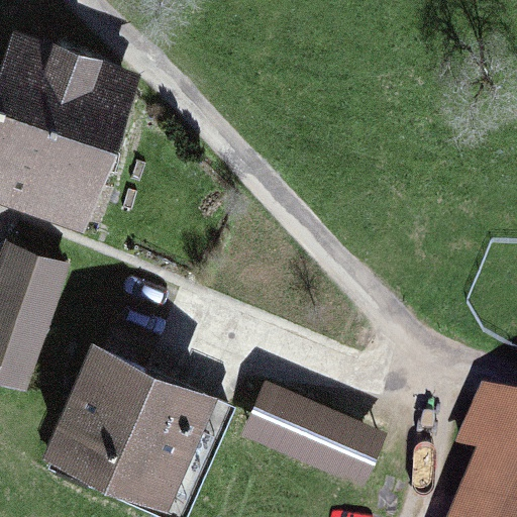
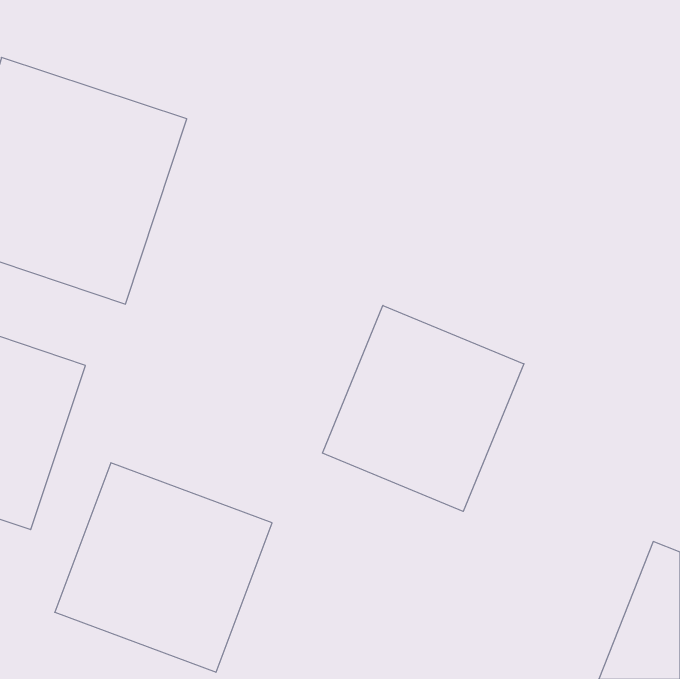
building: none -> [322,305,524,511]
building: [242,379,391,488] -> none

